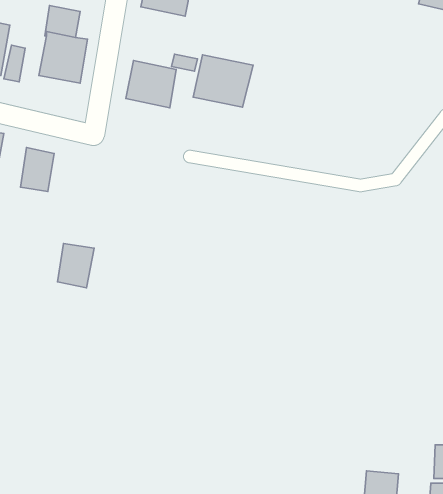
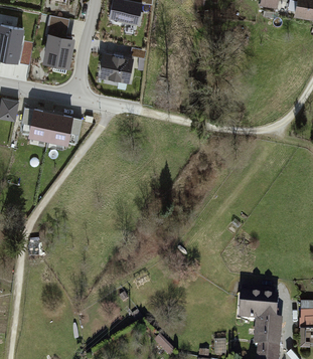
building: [193,55,253,107] -> none
building: [57,244,94,288] -> [48,113,72,142]
building: none -> [240,293,277,320]

